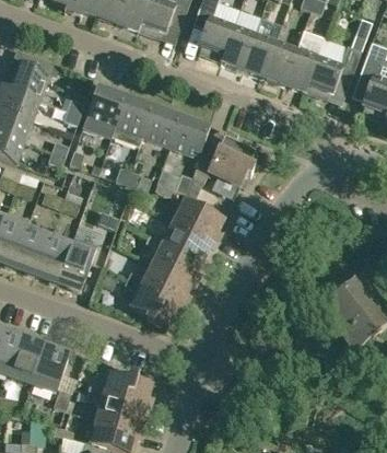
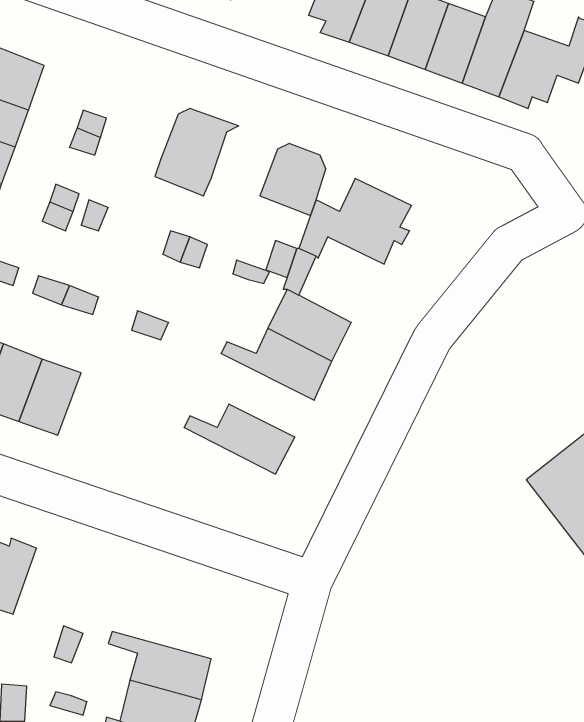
building: [82,85,130,137] -> none
building: [142,106,186,146] -> none
building: [144,234,200,281] -> none
building: [56,235,96,289] -> none
building: [124,276,178,324] -> none
building: [31,344,68,391] -> none
building: [86,371,149,406] -> none

